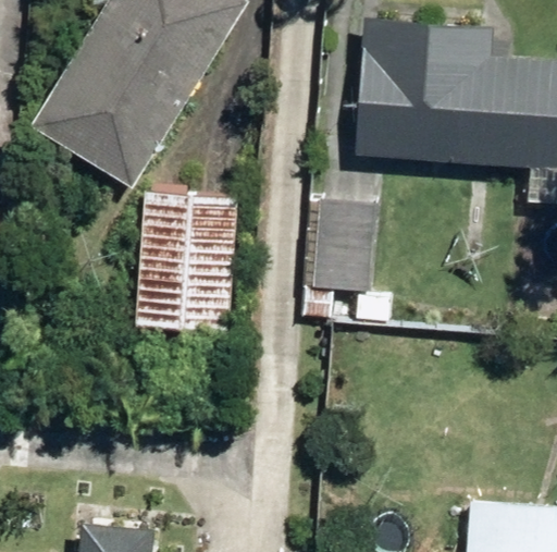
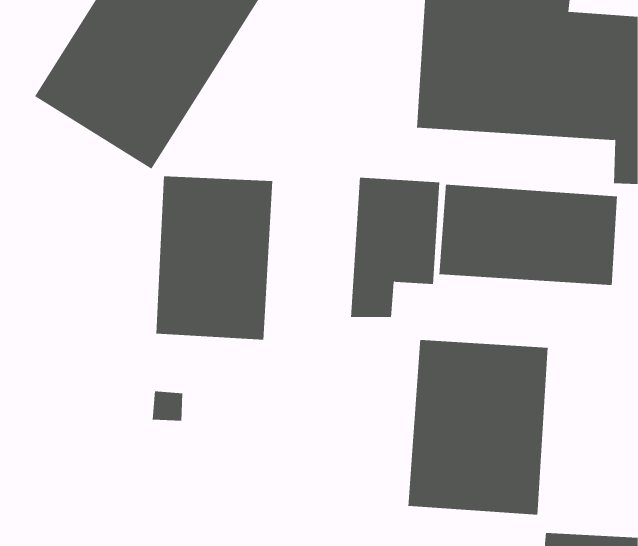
building: none -> [439,184,617,286]
building: none -> [408,339,548,516]

